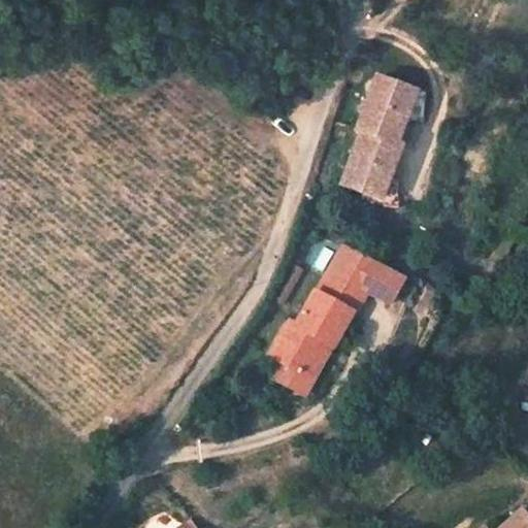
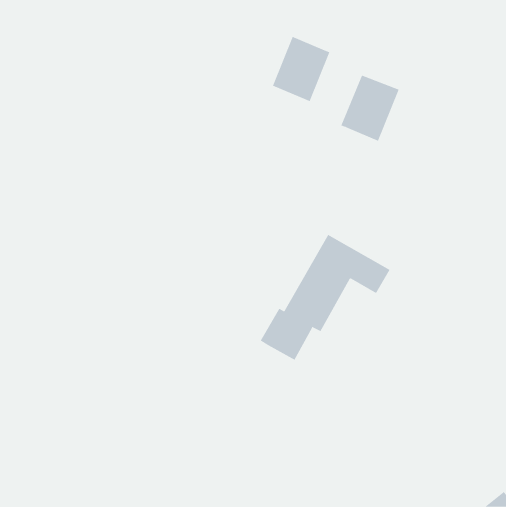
building: [340,132,400,200] -> [272,36,330,102]
building: [272,339,335,393] -> none

